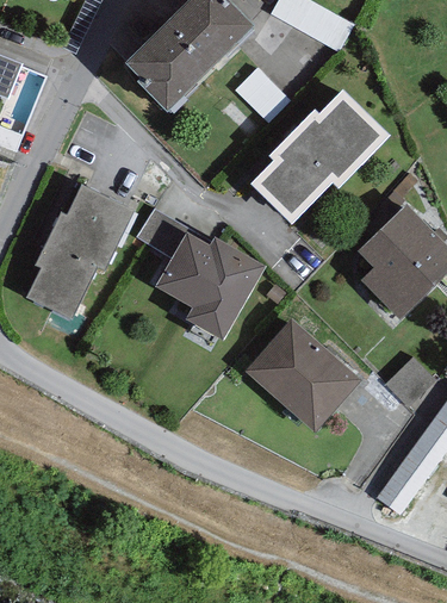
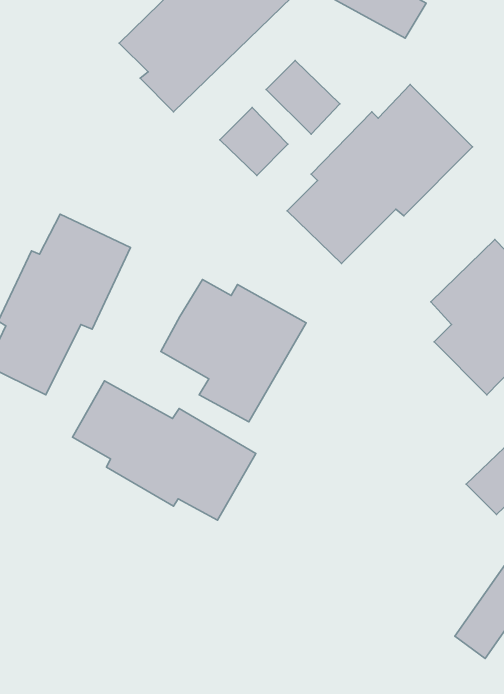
building: none -> [220,107,288,175]
building: [137,210,190,260] -> none
building: none -> [73,381,256,520]
building: [244,317,362,433] -> none

